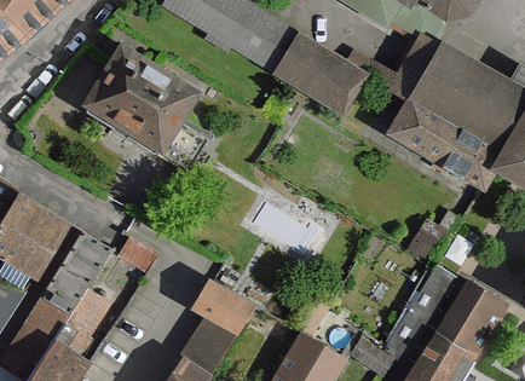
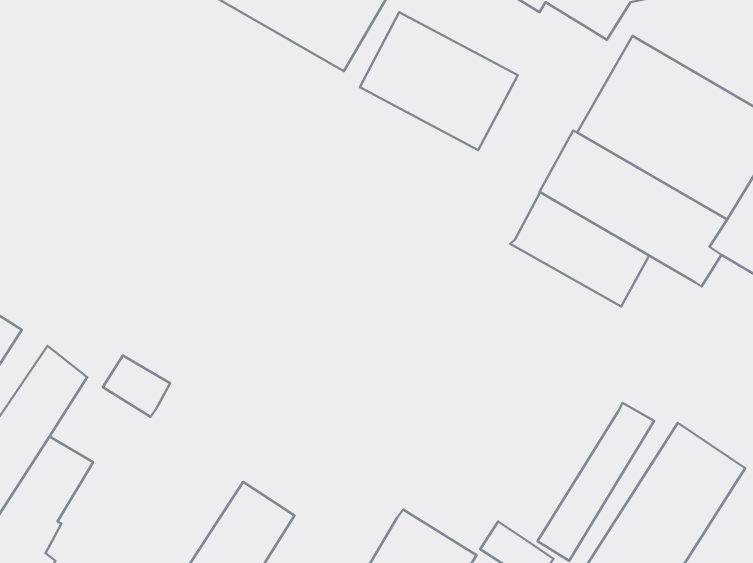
building: [82,45,204,168] -> none
building: none -> [510,192,649,306]
building: [190,281,255,335] -> none

